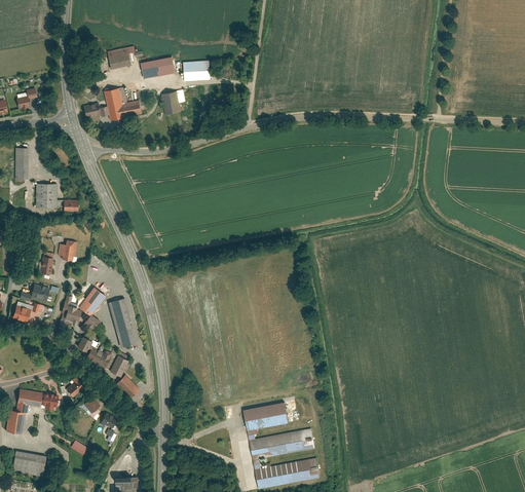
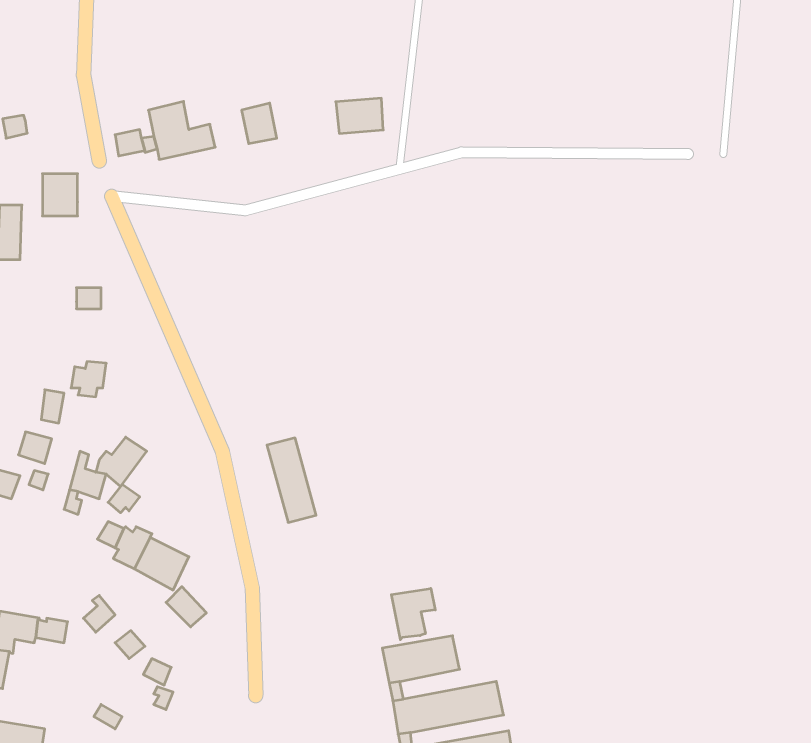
building: [105,45,129,68] -> none
building: [142,59,177,80] -> none
building: [181,60,209,80] -> [336,98,383,133]
building: [34,182,54,206] -> [42,174,78,216]
building: [107,297,136,346] -> [267,438,316,522]
building: none -> [391,588,435,640]

